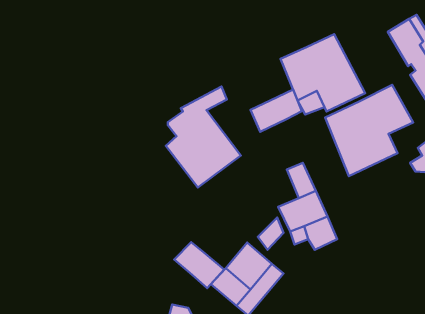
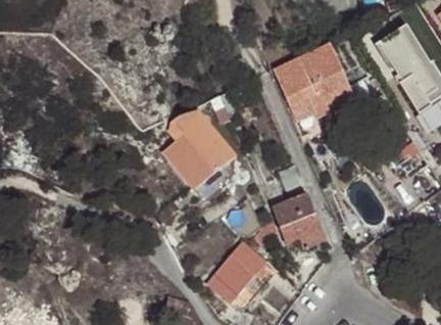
building: [325,85,413,176] -> none
building: [251,90,302,132] -> none
building: [174,242,224,288] -> none

